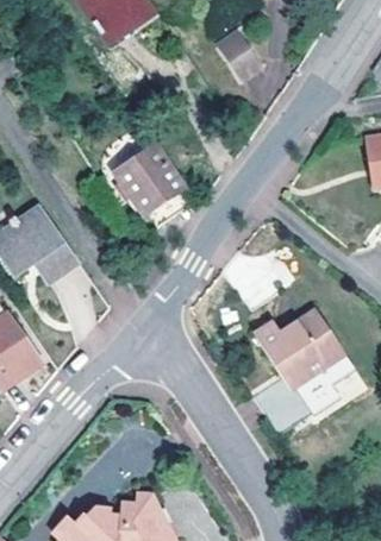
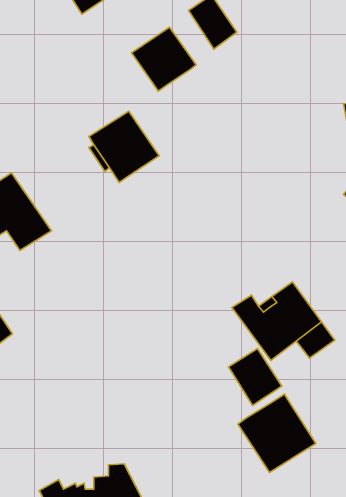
building: none -> [132,27,196,91]
building: none -> [238,394,316,473]

